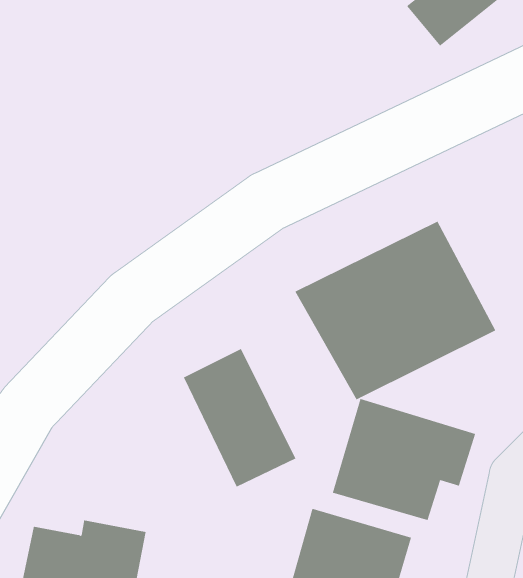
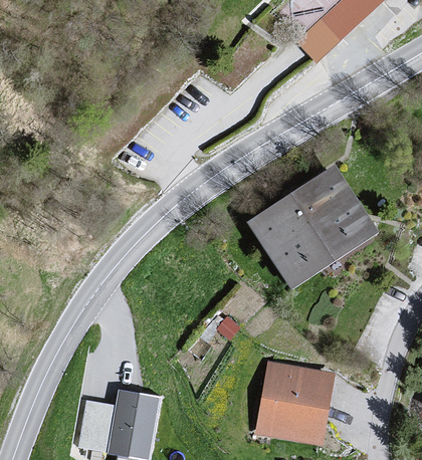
building: [183,348,296,487] -> none
building: [332,398,476,521] -> none

